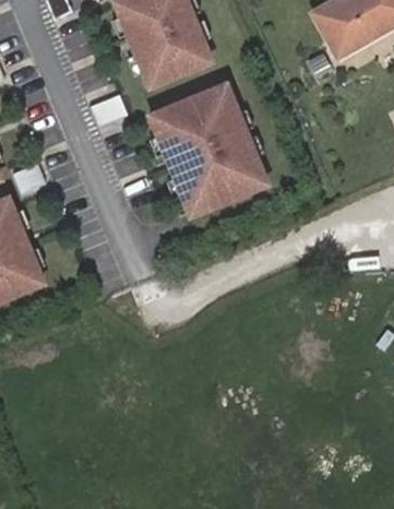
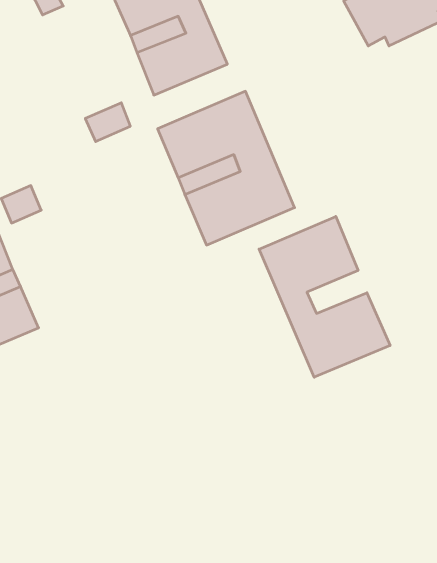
building: none -> [259,216,390,377]

